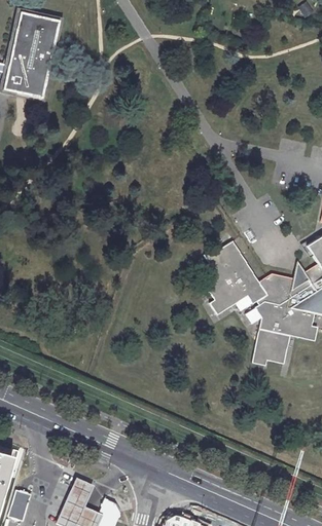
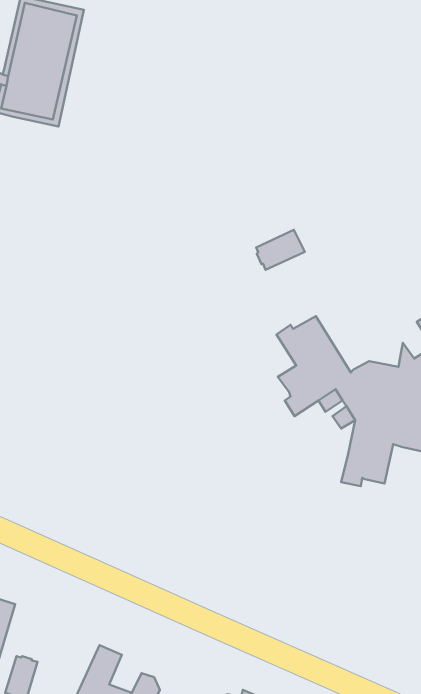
building: none -> [256,230,305,270]

